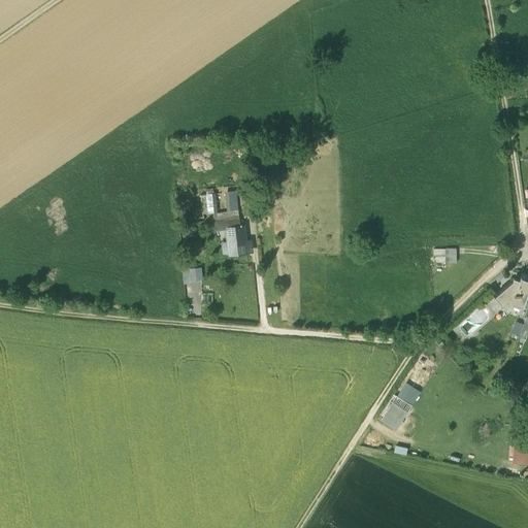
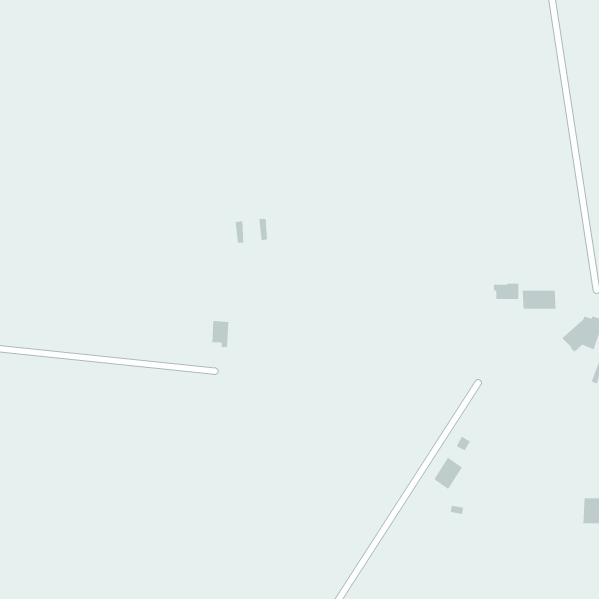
building: [214,219,252,256] -> none
building: none -> [522,290,556,310]

